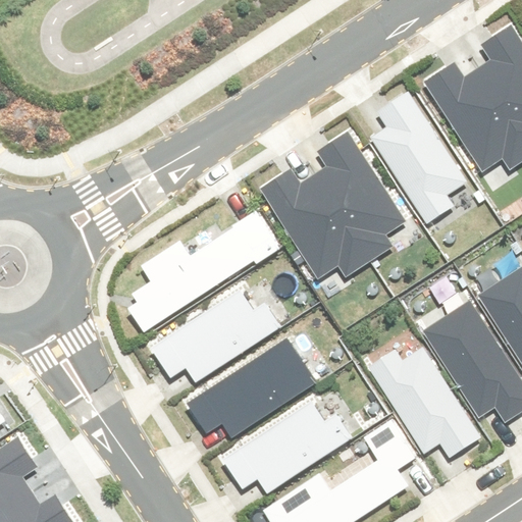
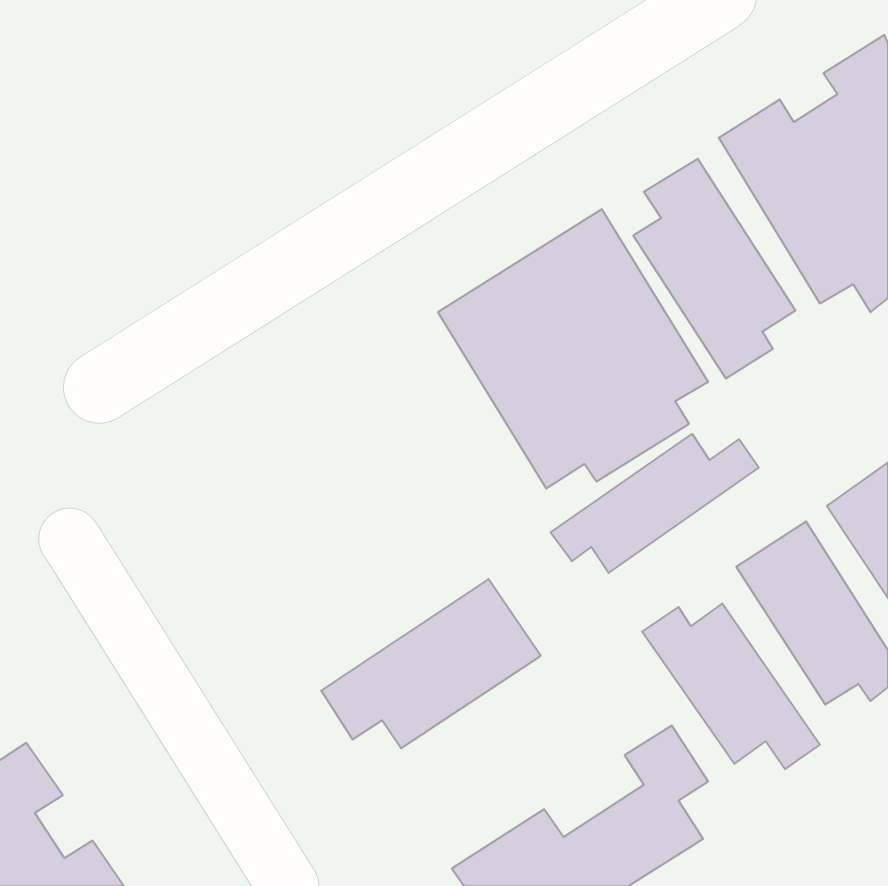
building: [132,218,279,327] -> none
building: none -> [551,434,759,573]
building: [160,294,280,388] -> none
building: [225,405,347,490] -> none

